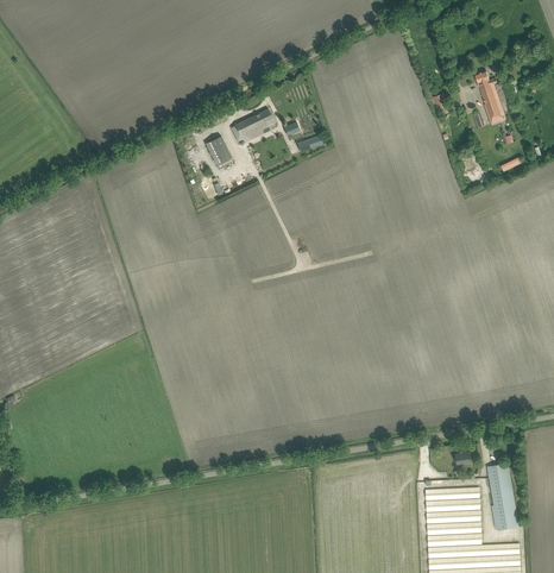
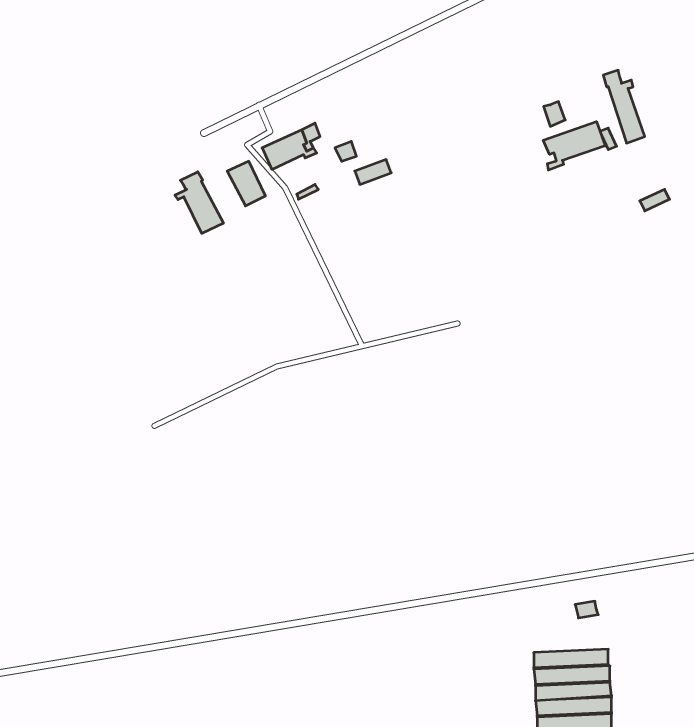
building: none -> [543,122,605,170]
building: none -> [175,172,223,233]
building: [487,462,518,528] -> none

